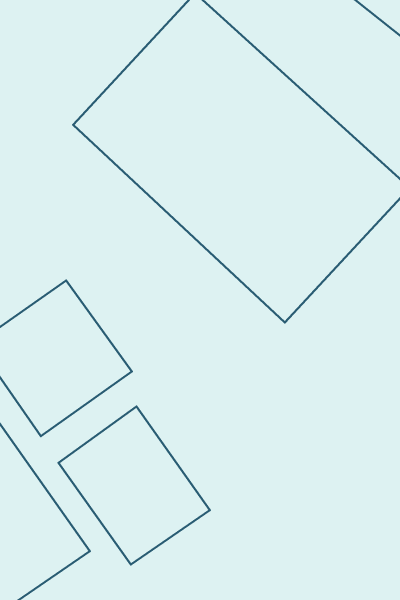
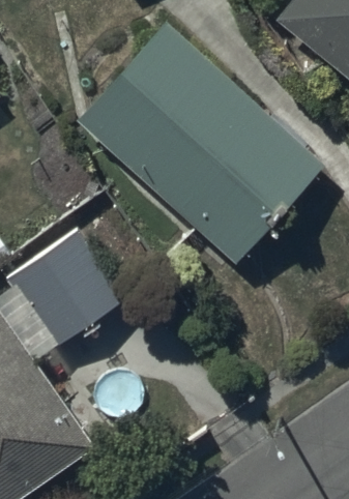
building: [59,407,210,564] -> none

